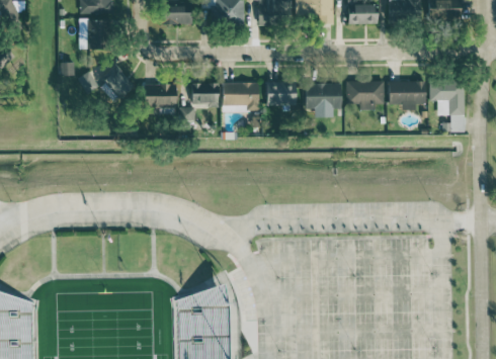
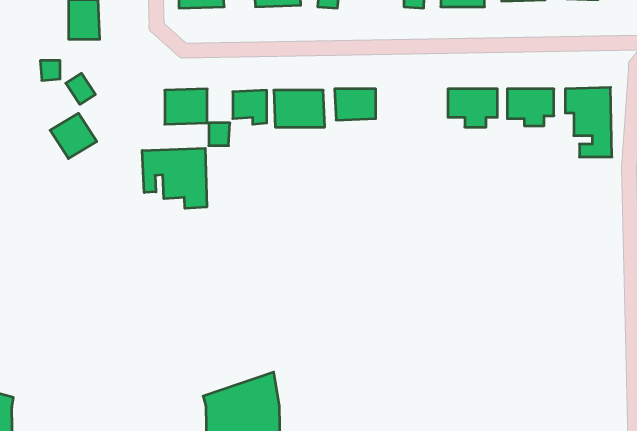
building: [96,64,130,96] -> [50,113,97,159]
building: [307,83,342,114] -> none
building: none -> [142,148,207,208]

